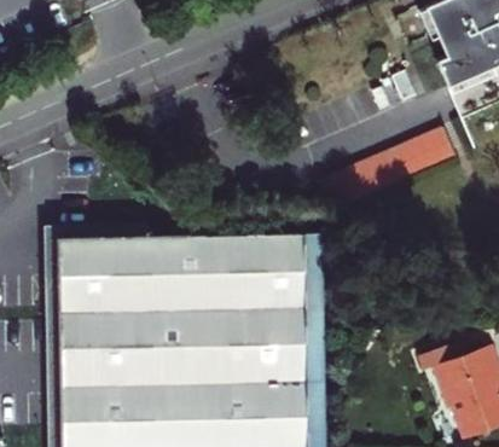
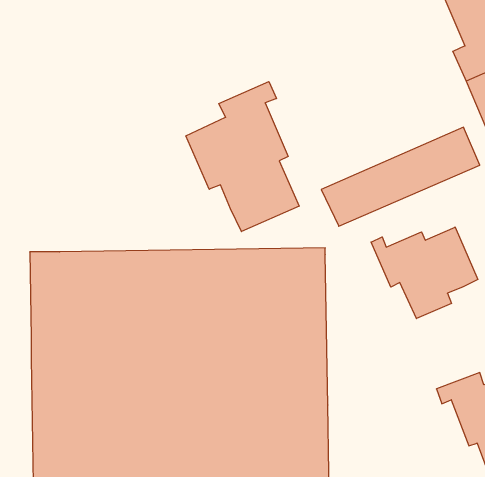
building: none -> [186,82,299,232]
building: none -> [371,227,478,319]

